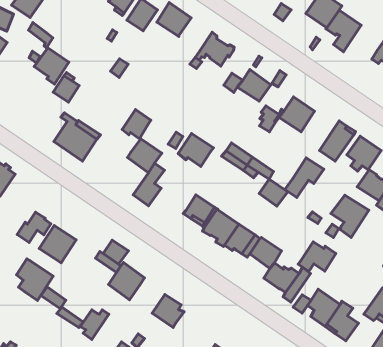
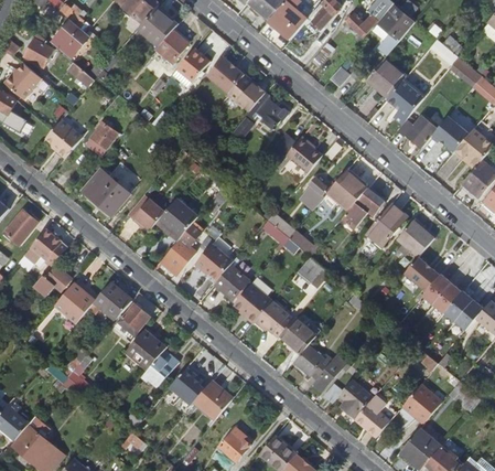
building: none -> [228,74,265,110]
building: none -> [399,116,440,150]
building: [34,48,69,84] -> [46,117,84,157]
building: [122,110,151,139] -> [132,199,164,231]
building: [178,134,213,167] -> [194,244,233,280]
building: [285,158,324,198] -> [340,188,384,229]
building: none -> [24,229,62,261]
building: [331,195,369,237] -> none
building: none -> [98,283,131,315]
building: [298,242,336,272] -> none
building: [16,259,53,301] -> none
building: none -> [194,382,232,419]
building: [80,310,109,340] -> [146,355,177,387]

